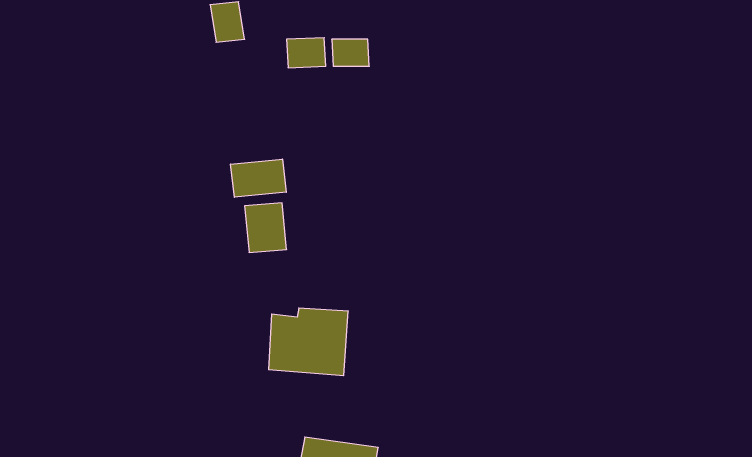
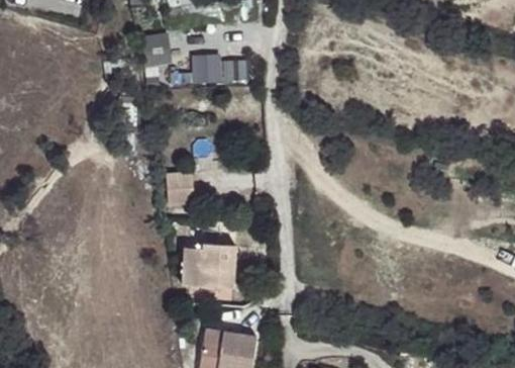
building: [231,159,286,197] -> none

